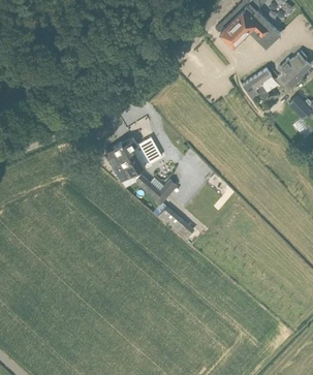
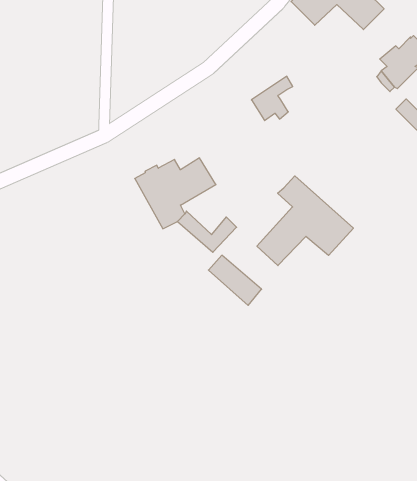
building: [243,67,272,98] -> [251,76,293,121]
building: none -> [257,176,353,266]

